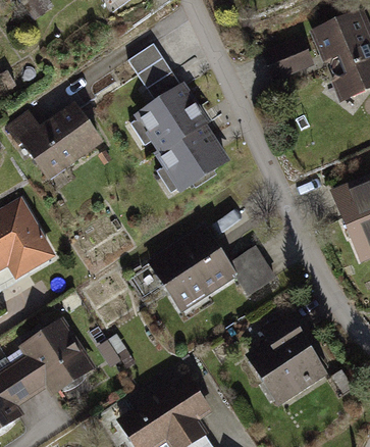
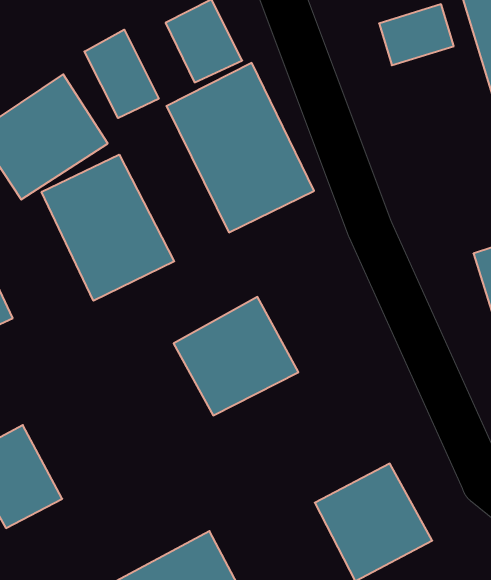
building: none -> [84,30,159,118]
building: none -> [42,155,174,301]
building: [230,249,274,294] -> none

